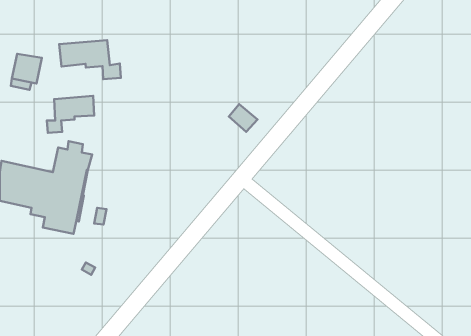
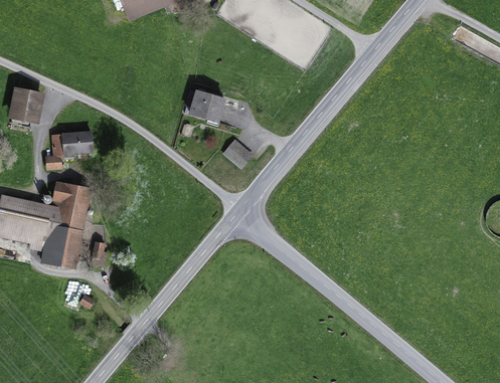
building: [59,40,121,79] -> none
building: none -> [186,87,224,122]

